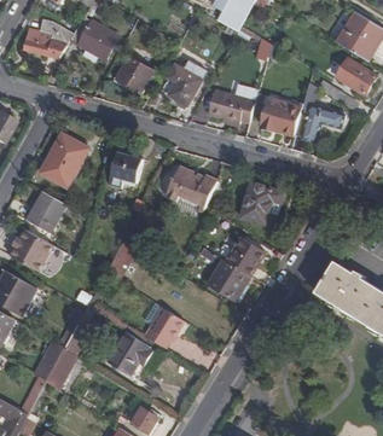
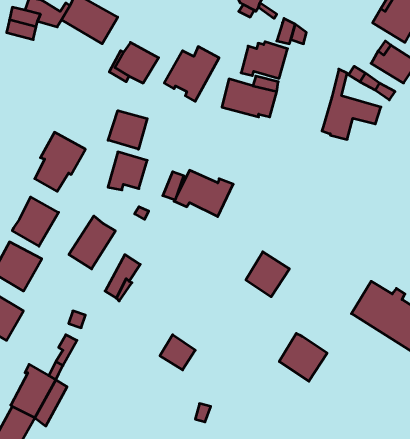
building: [261,99,301,130] -> [241,42,288,78]
building: none -> [108,111,147,149]
building: [239,182,284,225] -> none
building: none -> [69,216,115,269]
building: [208,260,249,301] -> [279,333,327,381]
building: [108,332,152,379] -> none

